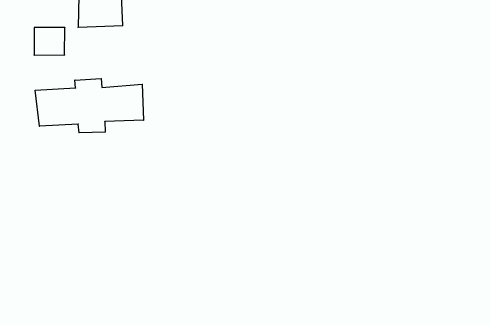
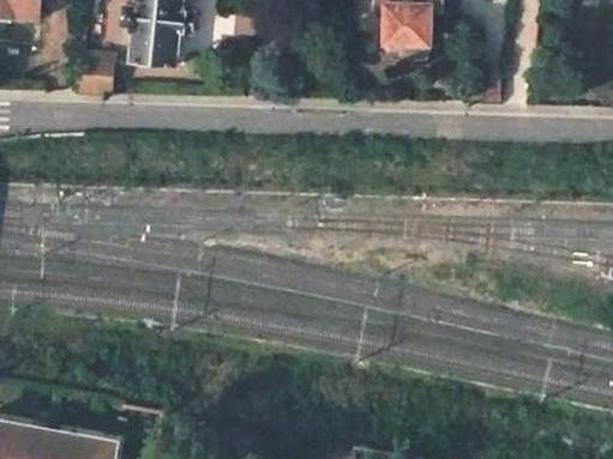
building: [35,79,144,133] -> none

